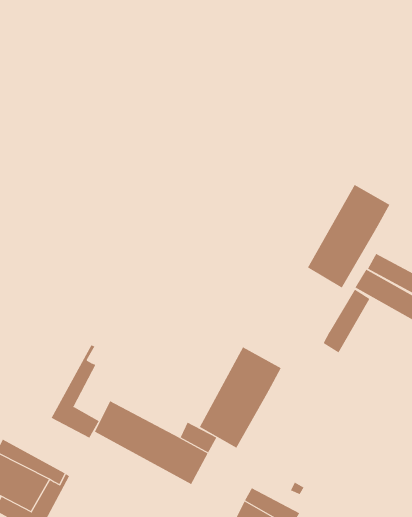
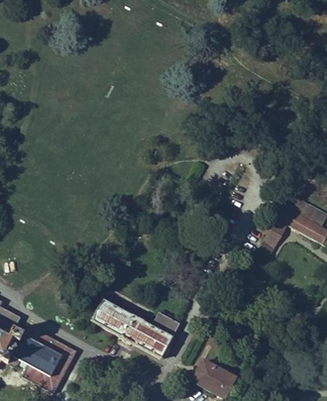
building: [307,184,390,289] -> none
building: [51,345,100,438] -> none
building: [199,347,282,449] -> none

